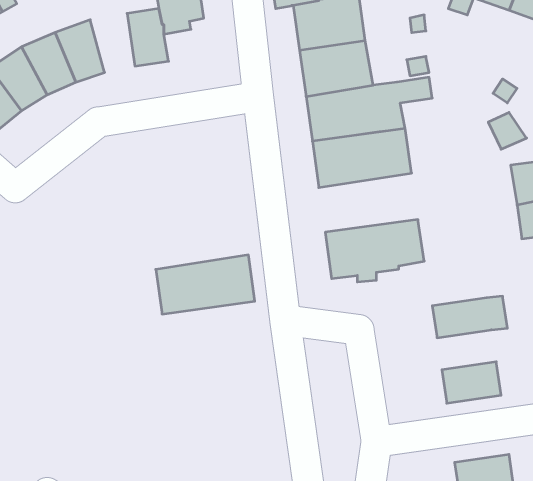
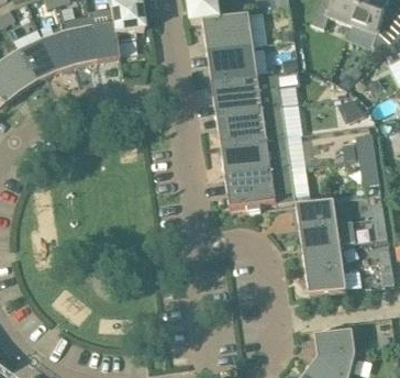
building: none -> [65,26,96,67]
building: [156,255,255,314] -> [222,136,290,177]
building: none -> [297,199,337,227]
building: none -> [303,244,344,271]

